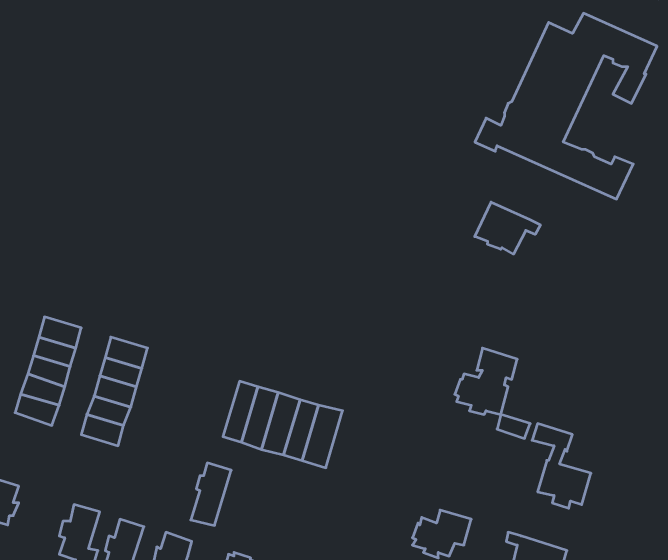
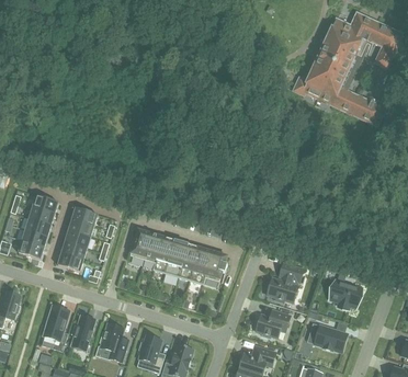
building: [475,202,540,254] -> none
building: [455,348,517,414] -> [265,262,303,301]
building: none -> [203,250,227,288]
building: [191,463,231,525] -> [127,228,151,265]

